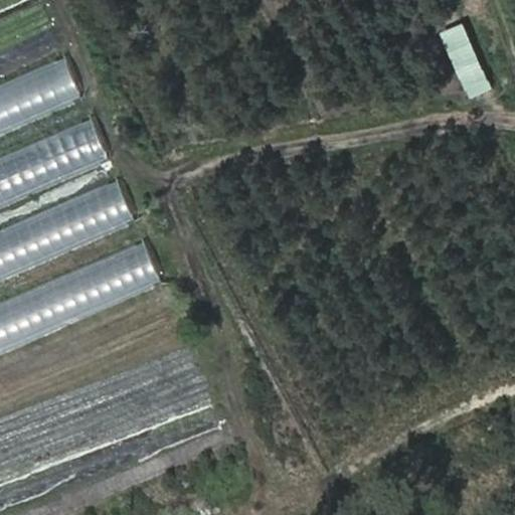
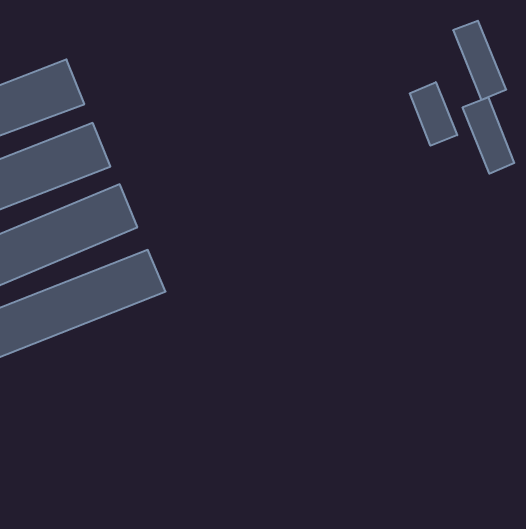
building: none -> [410,82,457,146]
building: none -> [463,97,514,174]

